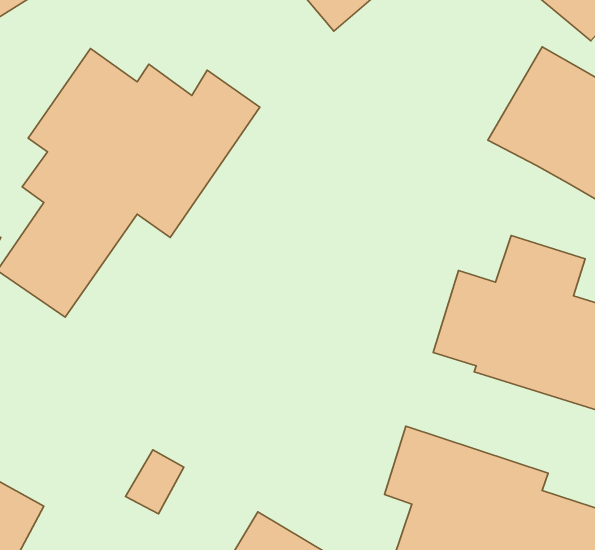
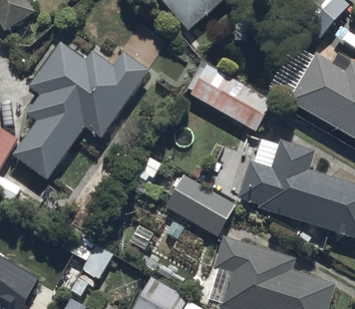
building: none -> [186,60,275,132]
building: none -> [163,173,235,235]

